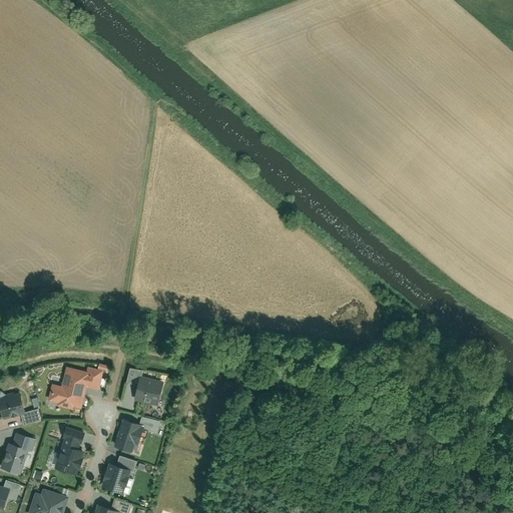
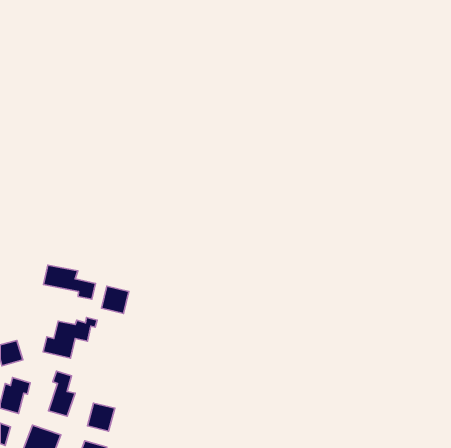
building: none -> [43,265,95,299]
building: [133,378,164,409] -> [101,286,129,313]
building: [113,418,141,453] -> none

